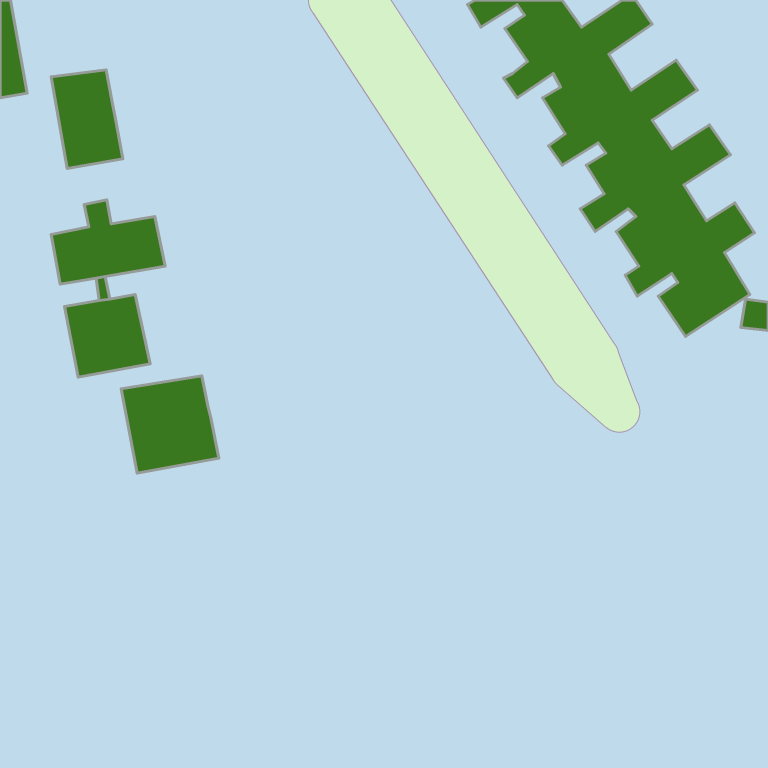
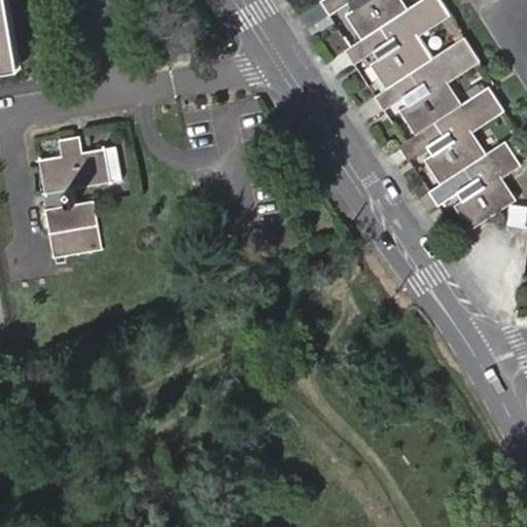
building: [51,70,123,168] -> none
building: [121,376,219,473] -> none

